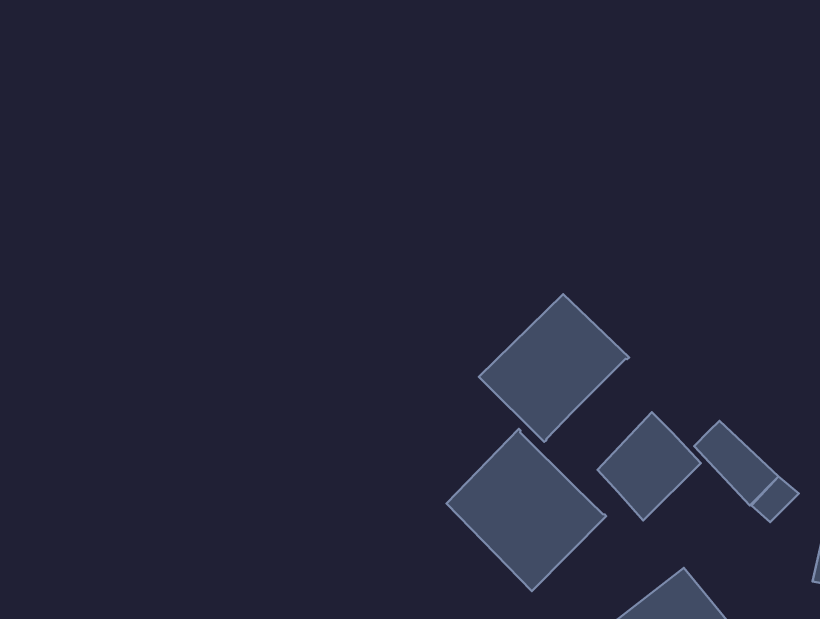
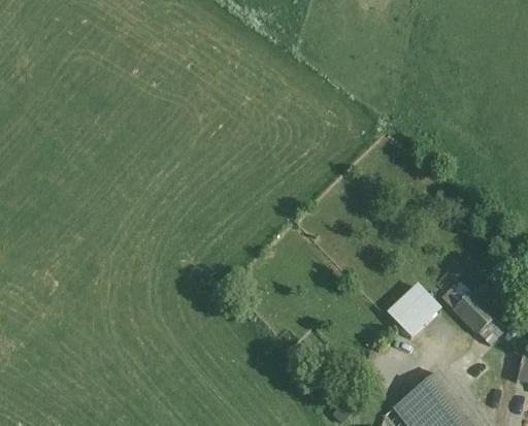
building: [479,294,629,442] -> none
building: [446,429,606,591] -> none

